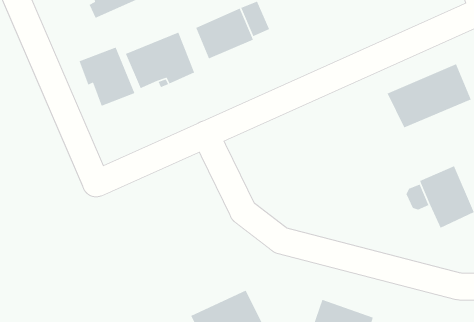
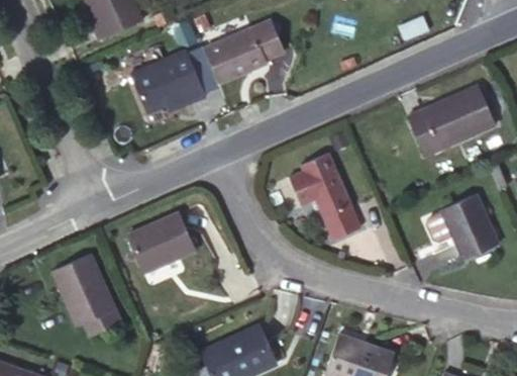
building: [79,46,135,107] -> none
building: none -> [288,153,363,240]
building: none -> [127,212,194,273]
building: none -> [50,253,122,336]

